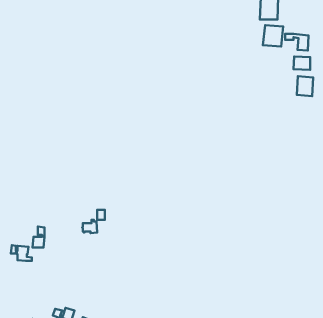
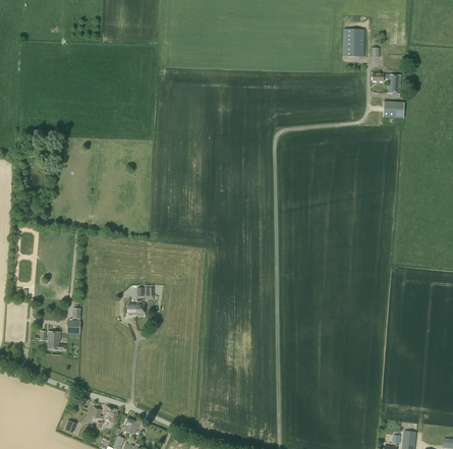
building: [263,25,283,47] -> none
building: [297,76,313,96] -> none

